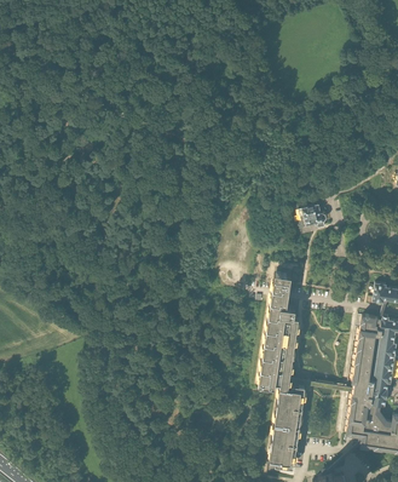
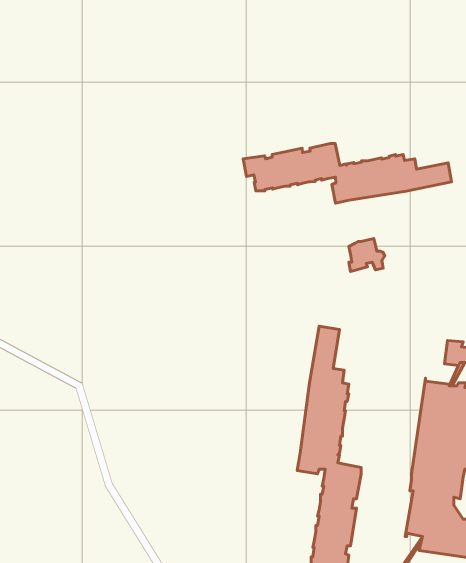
building: none -> [243,144,451,203]

